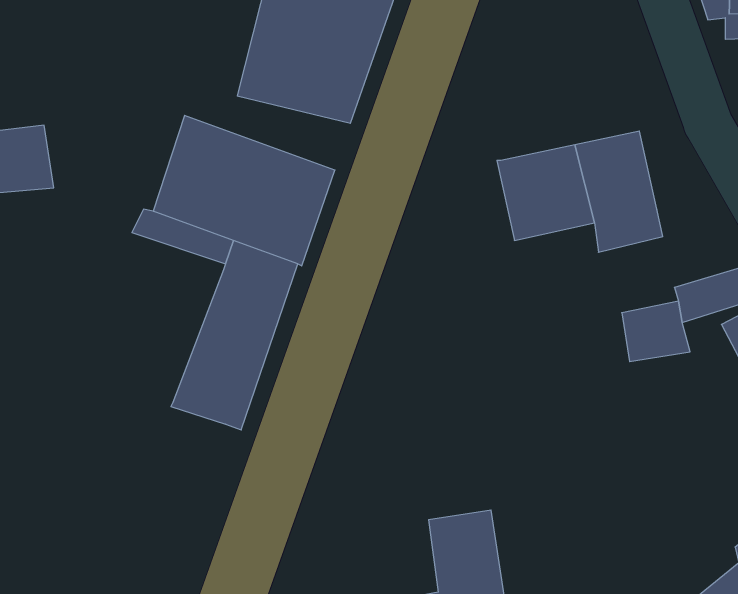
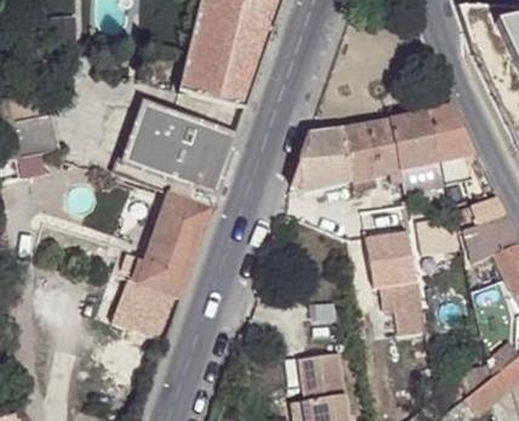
building: none -> [427,107,472,160]
building: none -> [287,130,349,192]
building: none -> [364,229,420,314]
building: none -> [114,278,170,335]

